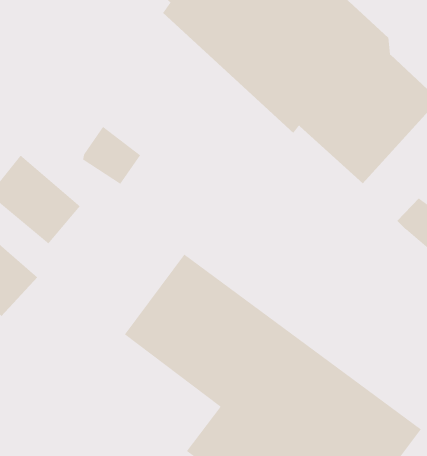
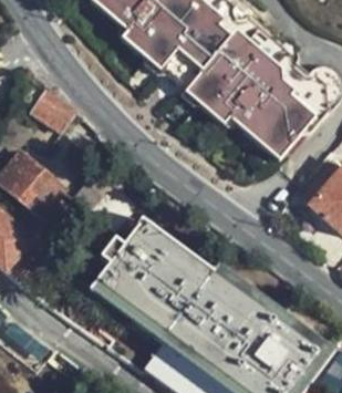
building: [82,126,141,185] -> [32,87,76,132]

